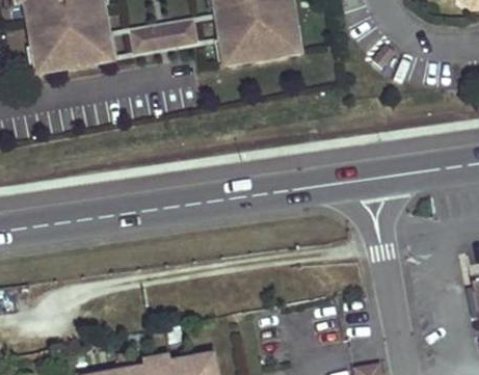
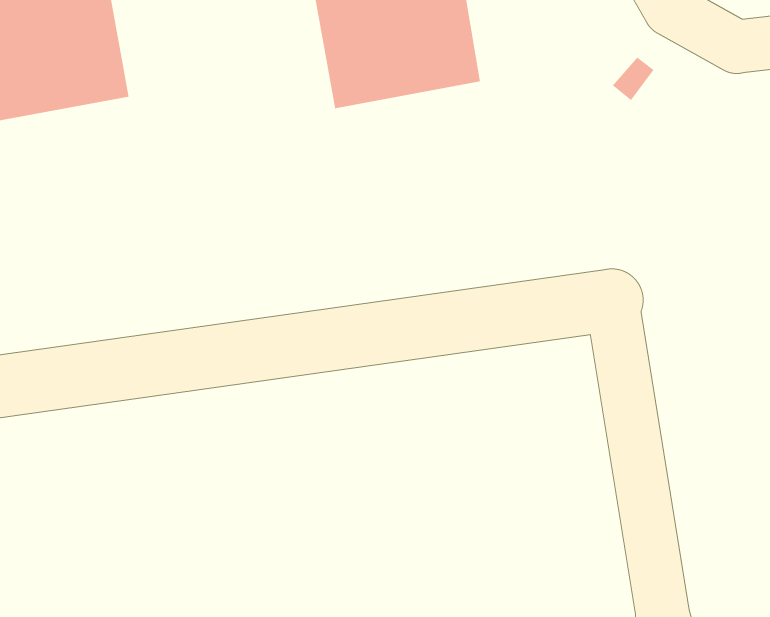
building: [128,17,198,52] -> none

